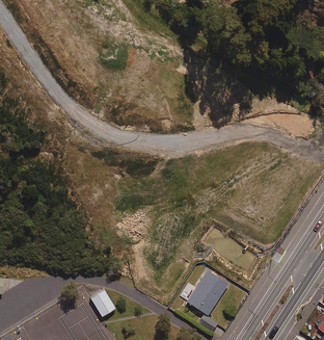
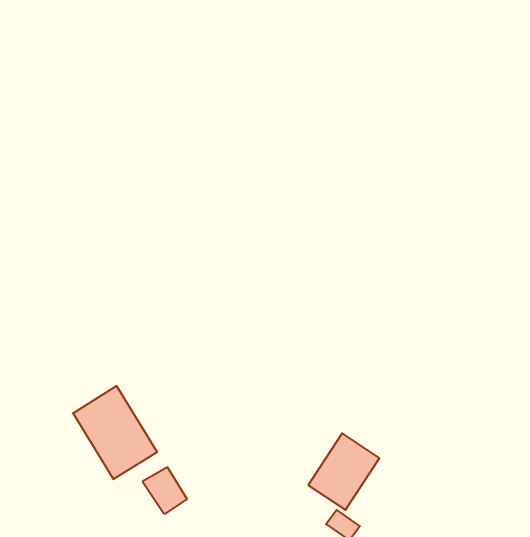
building: none -> [73,386,157,479]

